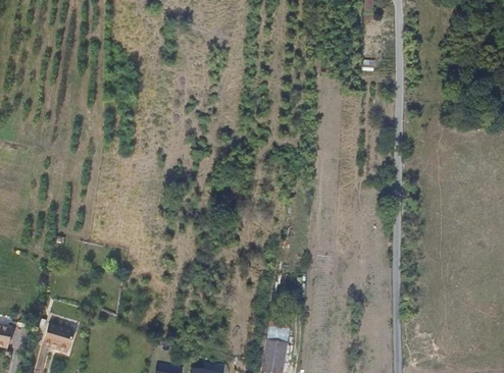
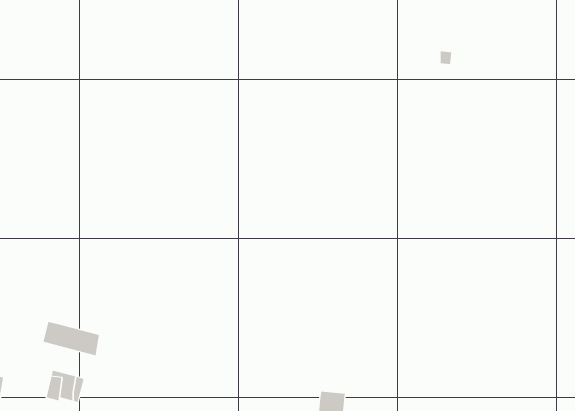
building: none -> [43,321,100,356]

